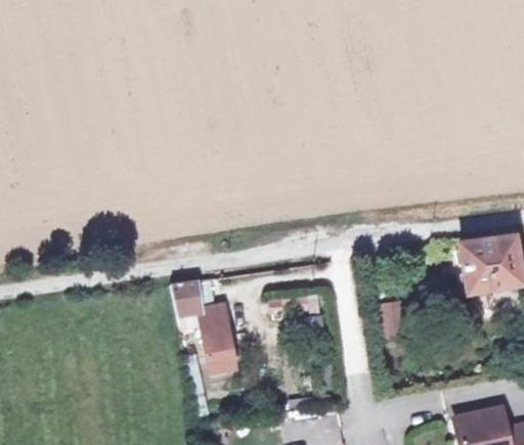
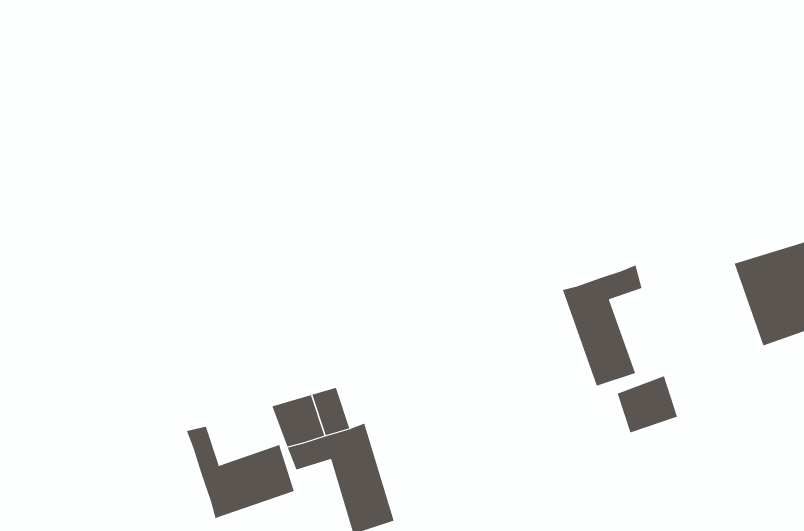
building: none -> [562,265,642,386]
building: none -> [186,426,295,519]

